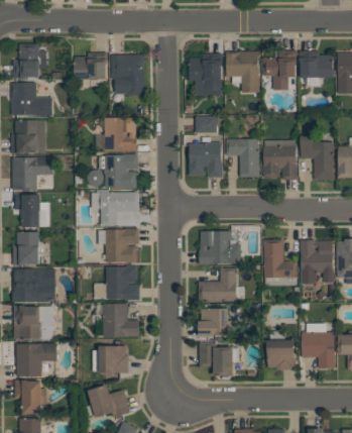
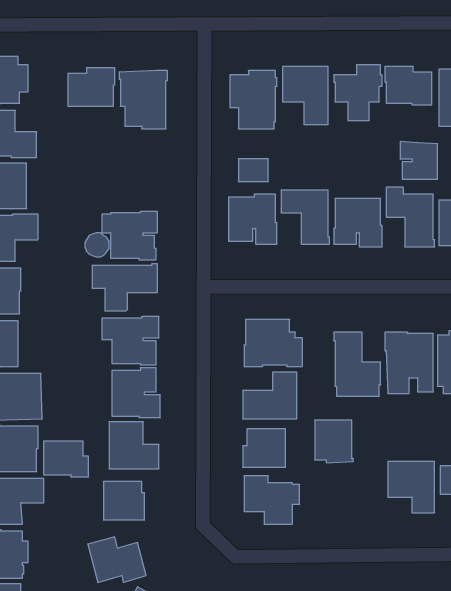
building: none -> [400,141,437,179]
building: [105,118,137,151] -> none
building: none -> [44,441,88,477]
building: [268,340,296,370] -> [315,420,353,463]

